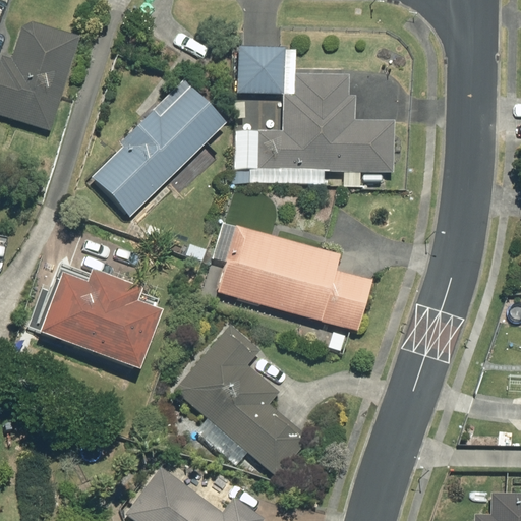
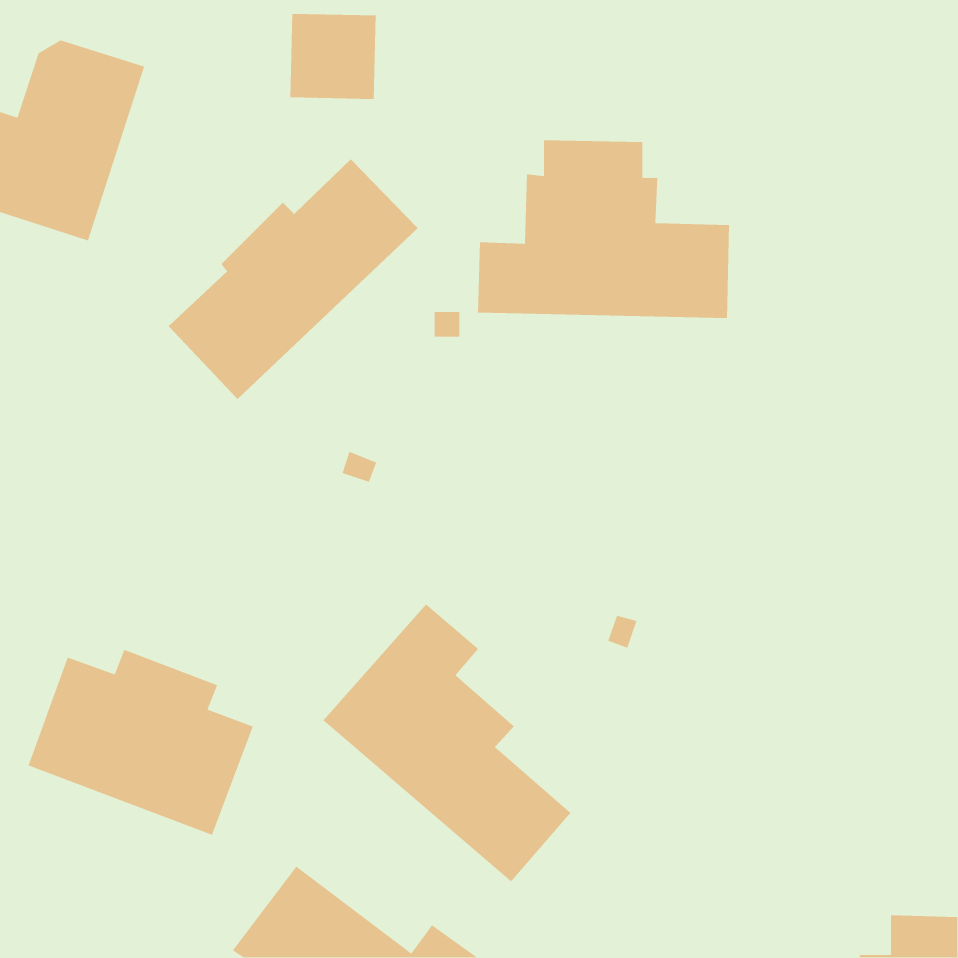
building: [237,46,284,93] -> [290,13,376,100]
building: [218,225,371,332] -> none
building: [42,271,164,371] -> [28,649,254,836]

